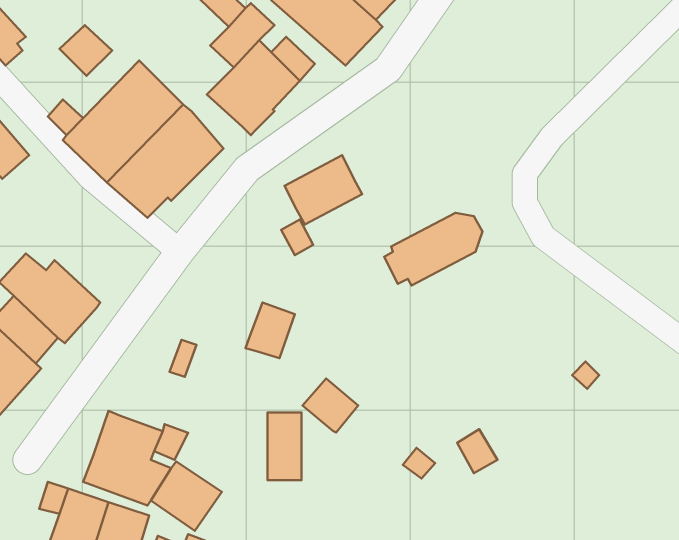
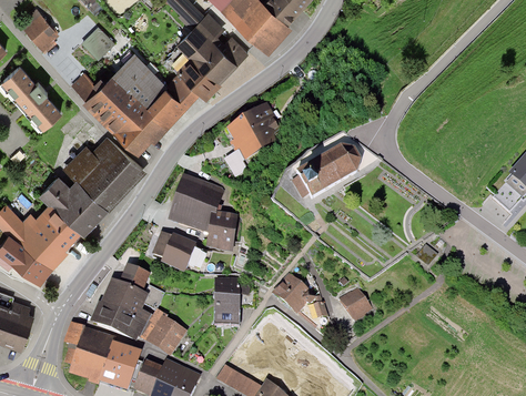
building: none -> [168,71,201,106]
building: none -> [65,135,144,207]
building: none -> [170,177,220,231]
building: none -> [162,233,191,266]
building: [302,378,358,433] -> [273,276,310,312]
building: none -> [121,263,150,290]

